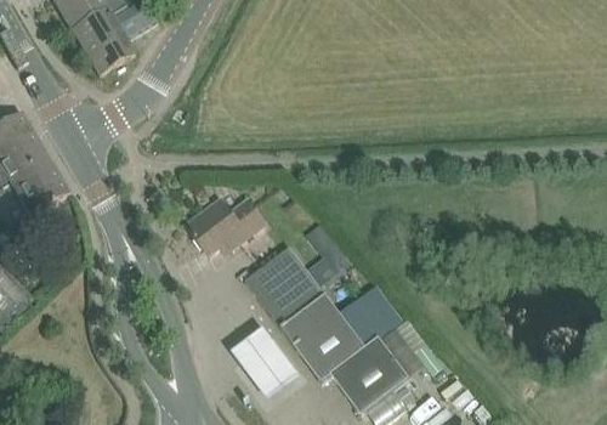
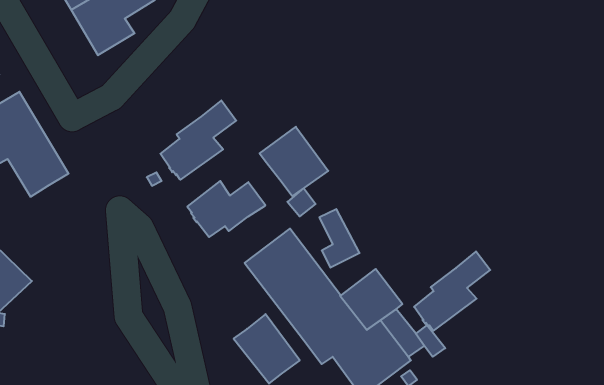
building: none -> [160,100,236,180]
building: none -> [260,127,328,196]
building: none -> [414,251,490,331]

